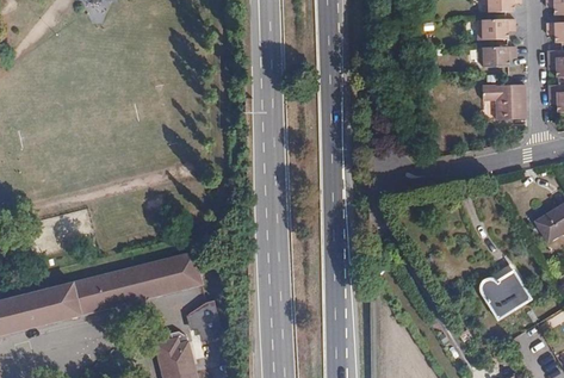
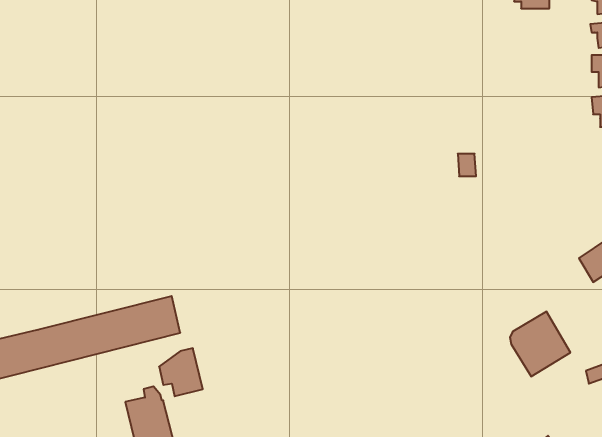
building: [478,19,516,38] -> none
building: [478,47,516,66] -> none
building: [483,85,526,119] -> none

